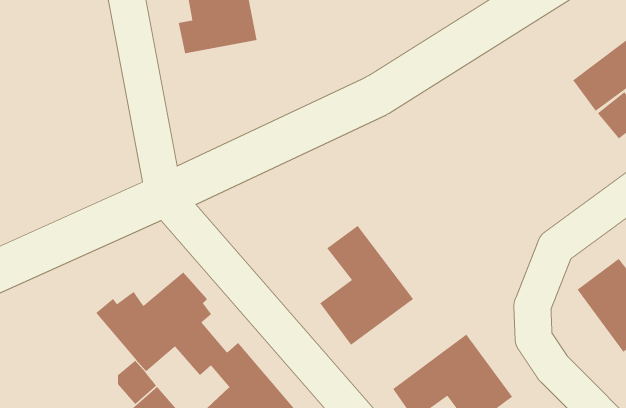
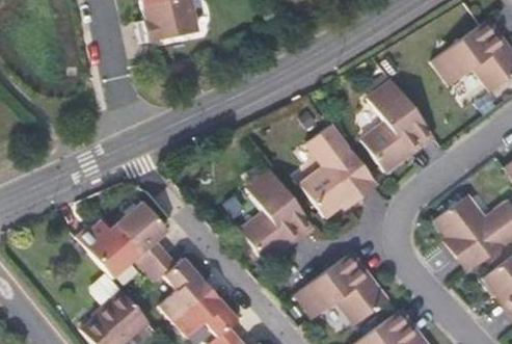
building: none -> [362,80,434,171]
building: none -> [302,125,374,216]

